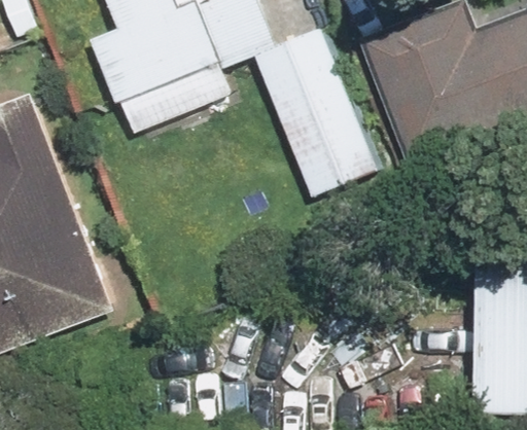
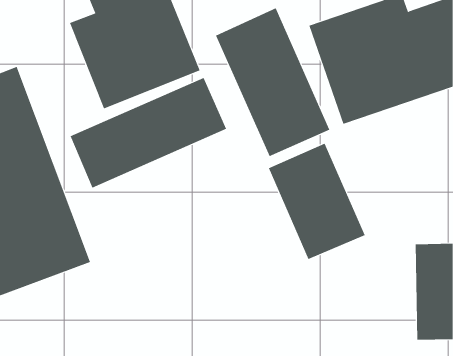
building: none -> [70,77,227,189]
building: none -> [268,143,366,260]

